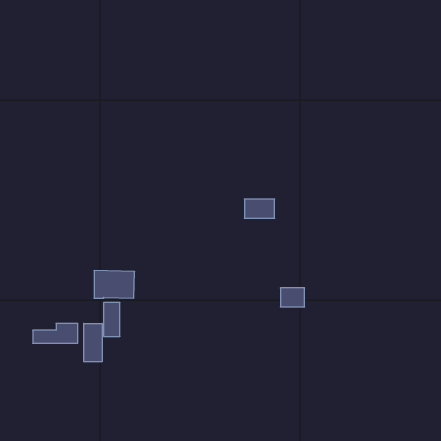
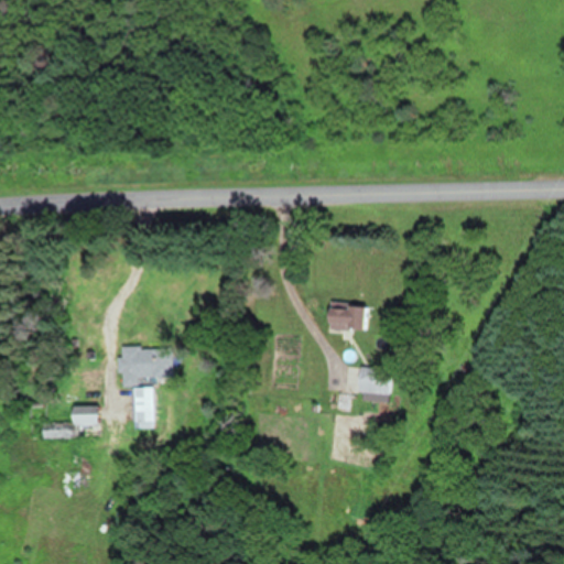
building: [244,199,275,218] -> [328,305,367,329]
building: [84,323,102,362] -> none

